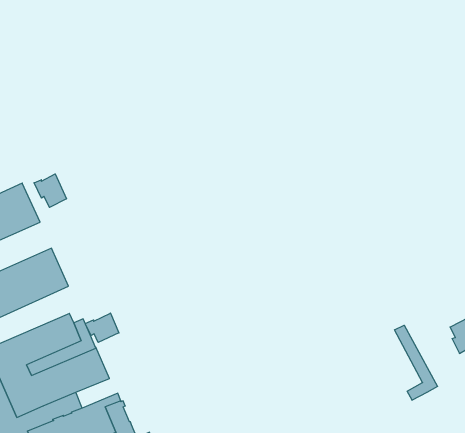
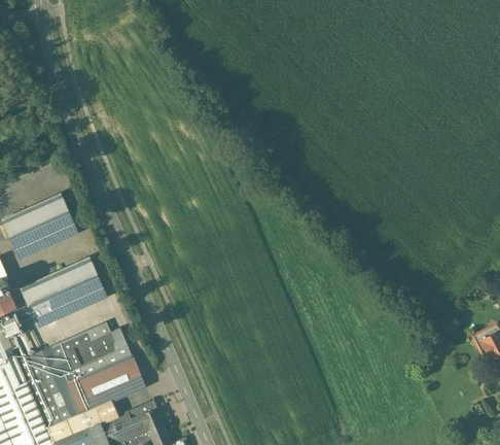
building: [34,174,66,207] -> none
building: [85,313,119,342] -> none
building: [395,325,438,400] -> none

